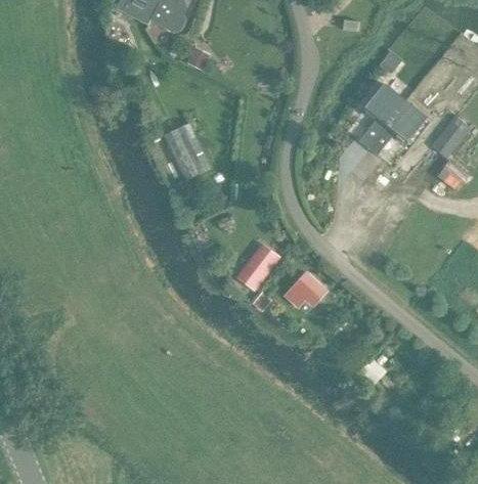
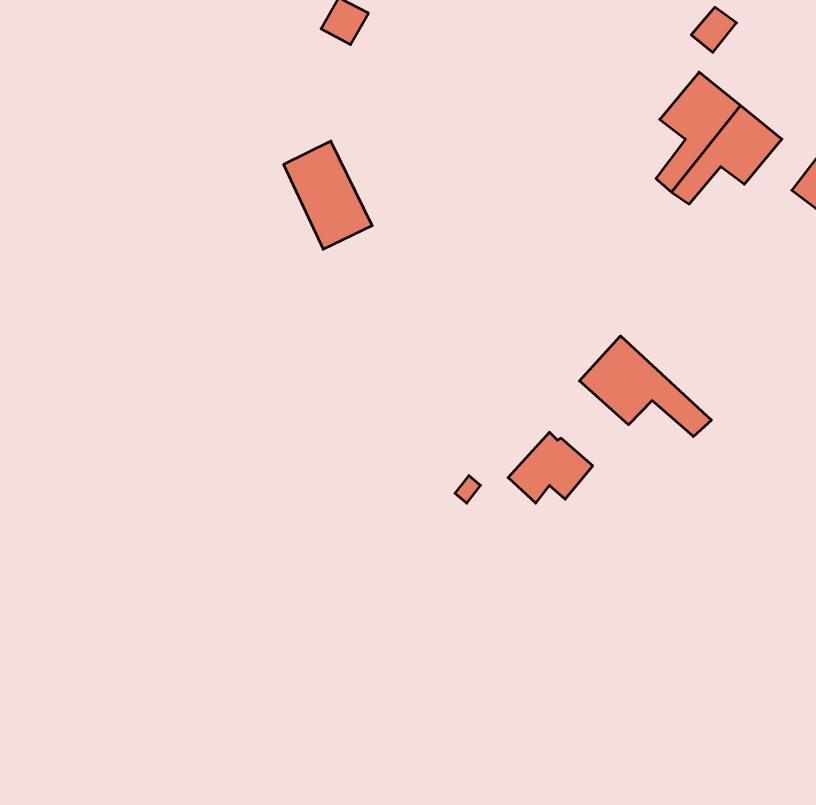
building: none -> [579,336,711,437]
building: [232,244,281,291] -> none

